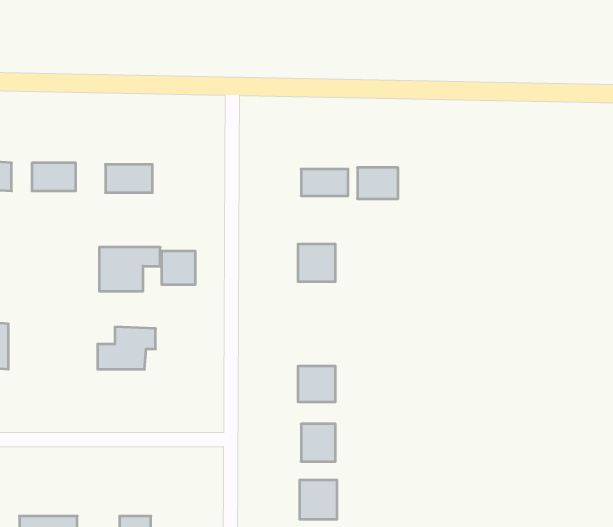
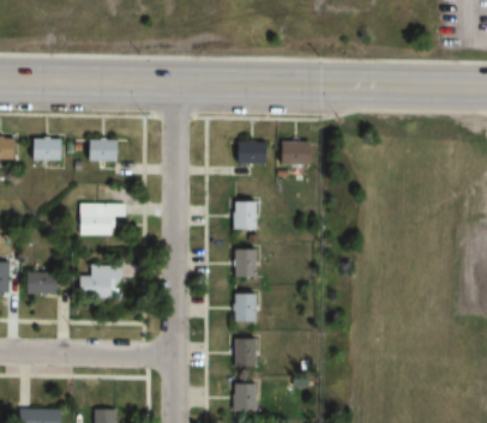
building: [162,251,195,285] -> none
building: none -> [233,248,260,277]
building: none -> [26,271,60,294]

